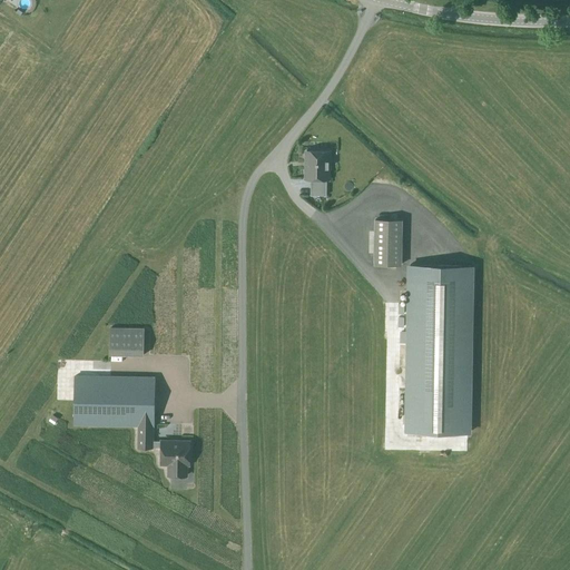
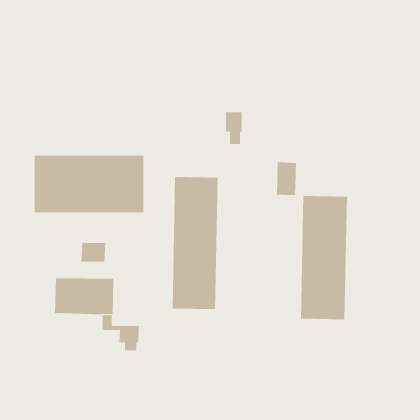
building: none -> [34,155,144,213]
building: none -> [172,176,218,310]

